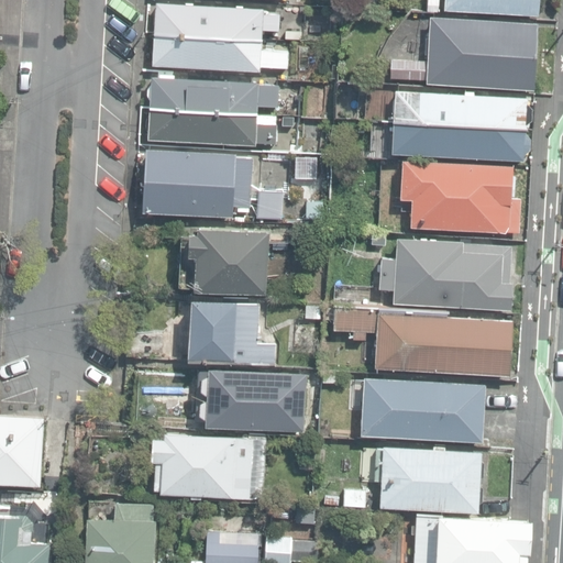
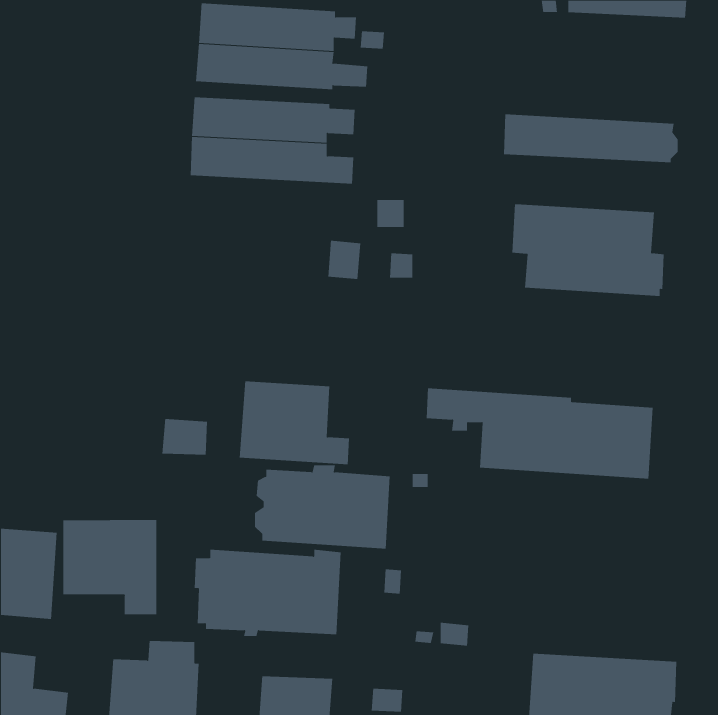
building: [390,19,539,91] -> none
building: [391,123,530,162] -> none
building: [142,151,253,219] -> none
building: [187,228,269,296] -> none
building: [379,240,512,311] -> none
building: [361,379,485,442] -> none
building: none -> [63,519,157,615]
building: [374,448,481,514] -> none

